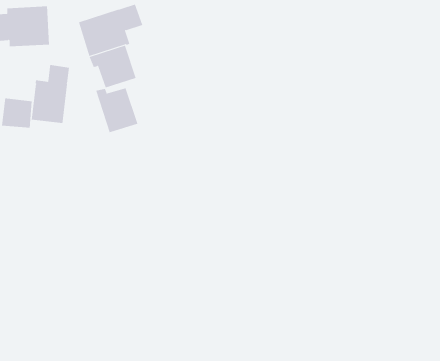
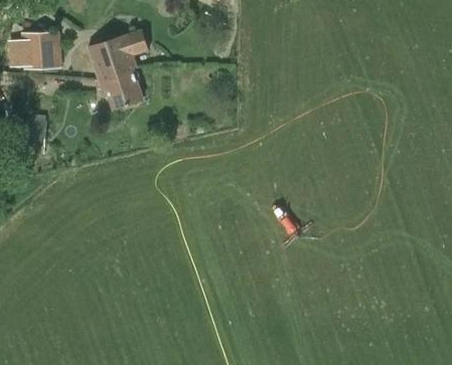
building: [31,64,70,124] -> none
building: [95,88,138,134] -> none

